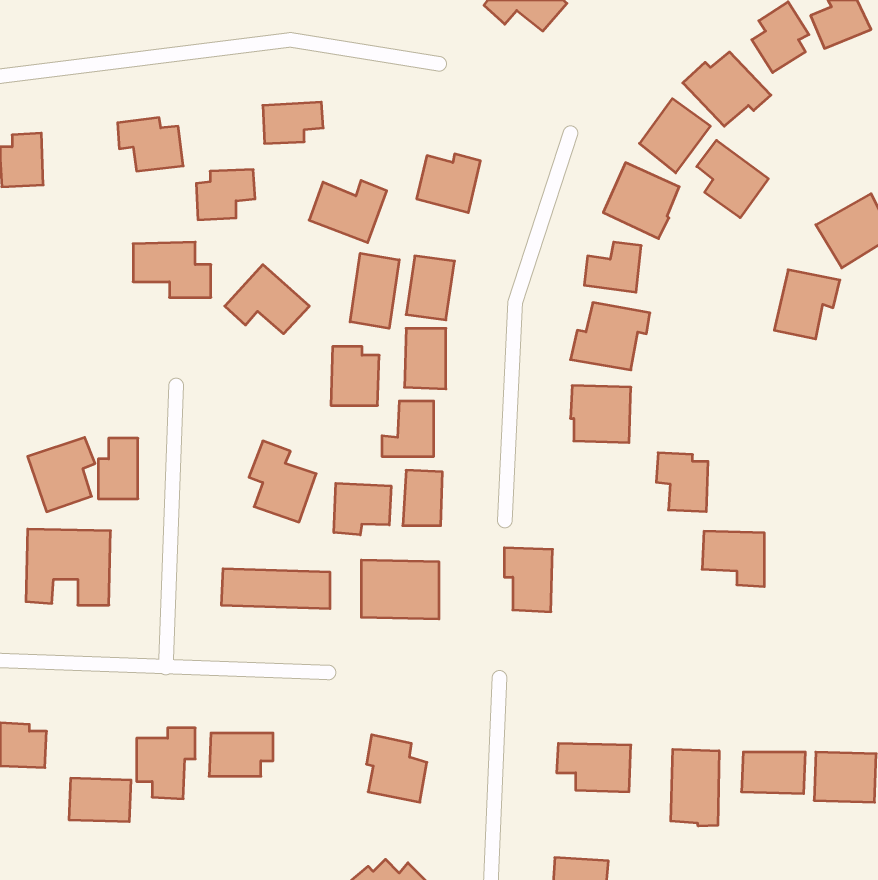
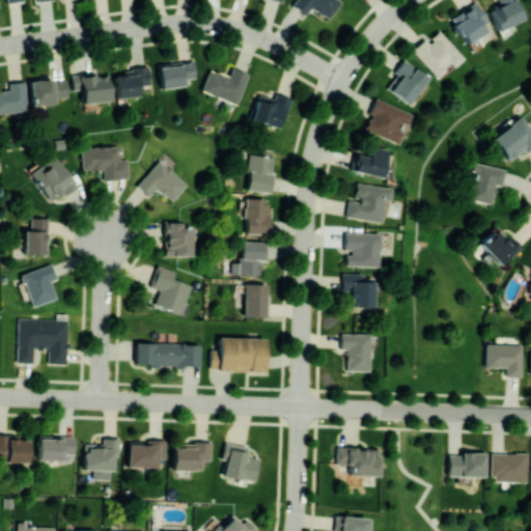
building: none -> [31,80,71,106]
building: [697,140,768,218] -> none
building: [196,170,255,220] -> [117,68,152,99]
building: [309,180,387,243] -> [203,68,250,106]
building: [350,253,399,328] -> none
building: none -> [32,157,78,201]
building: [331,347,379,405] -> [166,222,195,257]
building: none -> [480,226,521,268]
building: [98,438,138,499] -> [25,219,49,255]
building: [656,453,708,512] -> [343,274,374,309]
building: [334,483,391,535] -> none
building: [702,531,764,587] -> [486,345,524,379]
building: [504,548,553,612] -> [342,334,371,372]
building: none -> [174,444,213,471]
building: [671,749,719,826] -> none
building: [69,778,131,822] -> [39,437,77,463]

